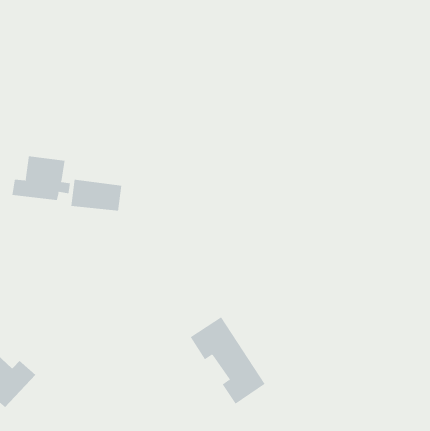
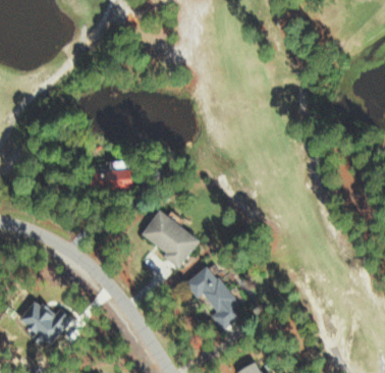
building: [12,155,70,201] -> none
building: none -> [142,210,200,267]

